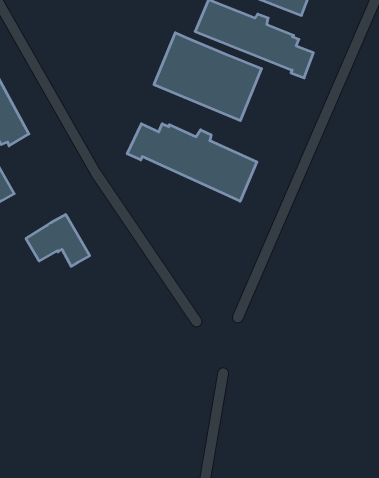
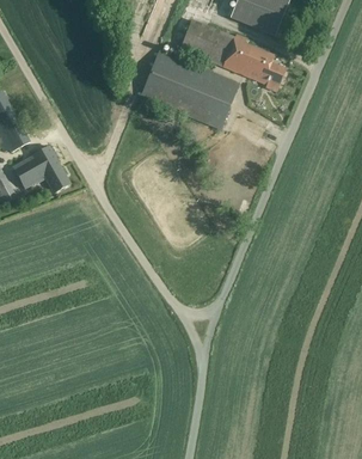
building: [127,124,257,201] -> none
building: [26,215,90,266] -> [14,146,72,192]

